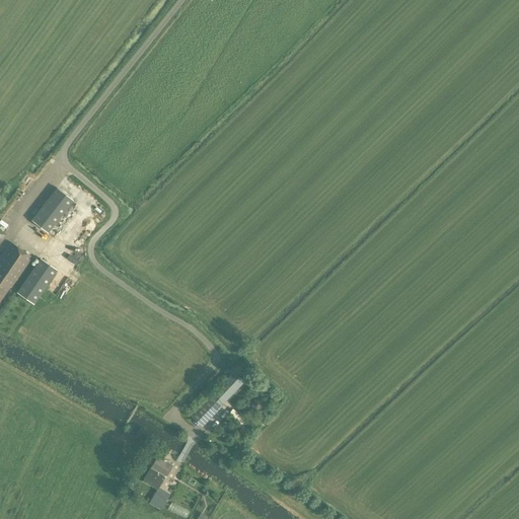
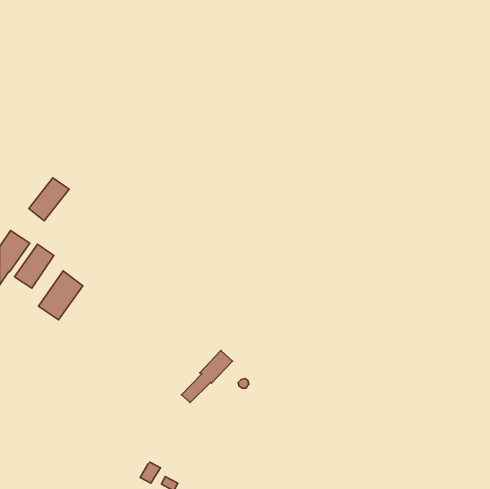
building: none -> [38,271,83,320]
building: [142,459,171,492] -> none

